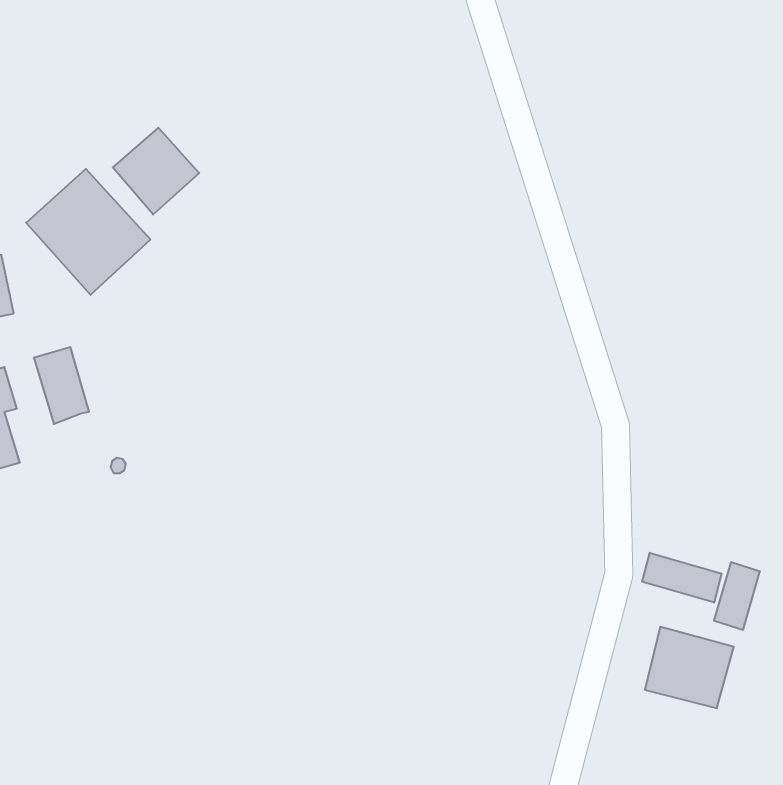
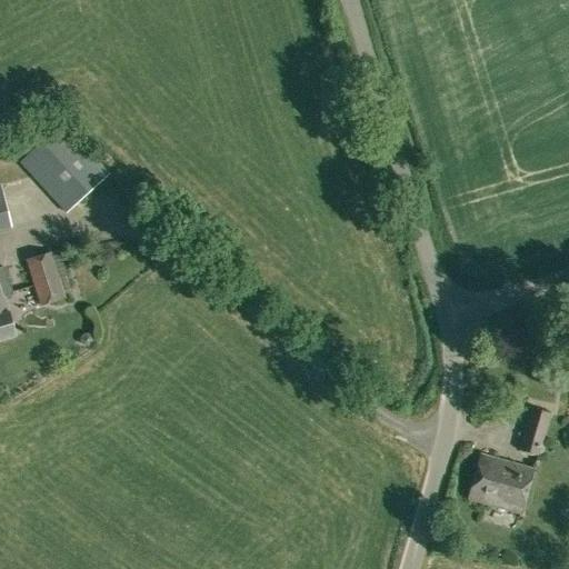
building: [113,128,199,215] -> none
building: [642,553,721,603] -> none

